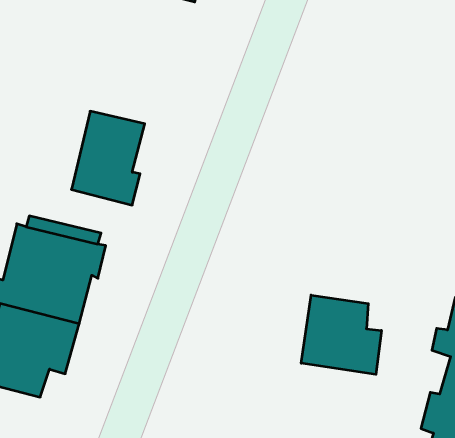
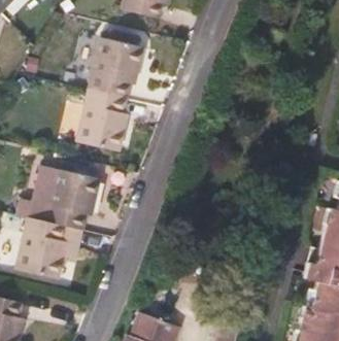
building: none -> [89,38,142,99]
building: [301,295,381,374] -> none

